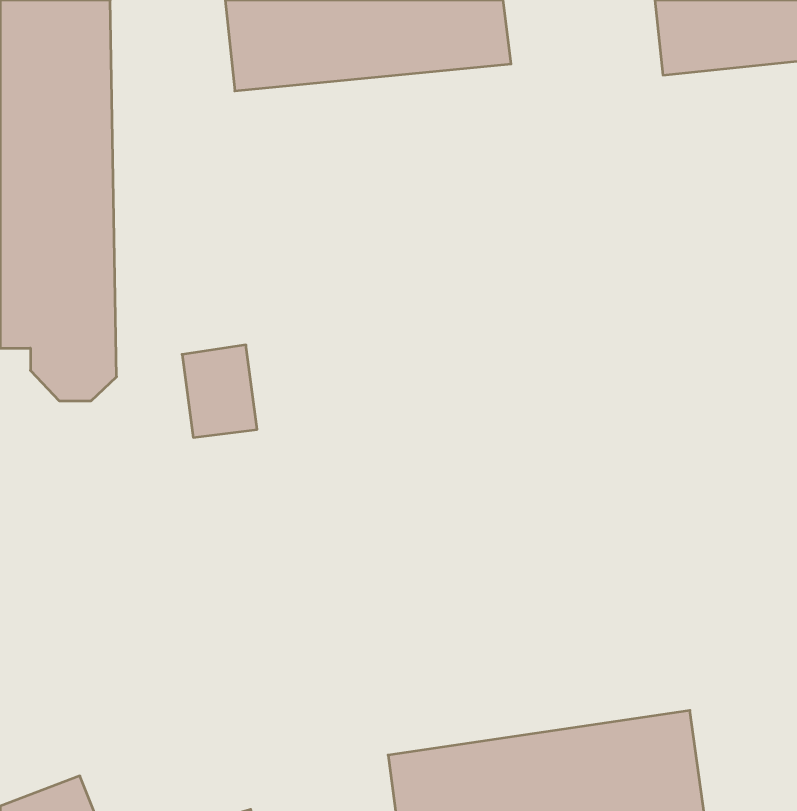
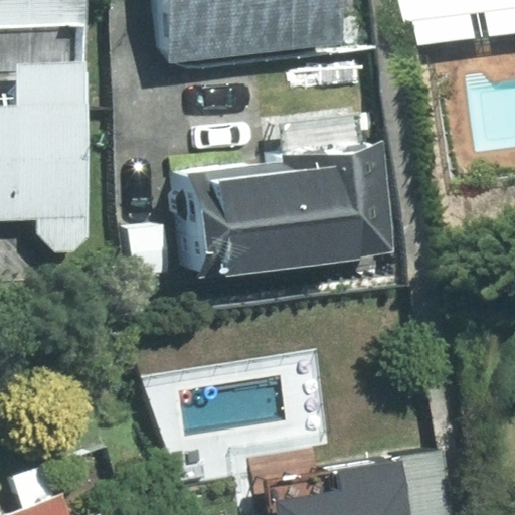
building: none -> [187,142,386,276]

